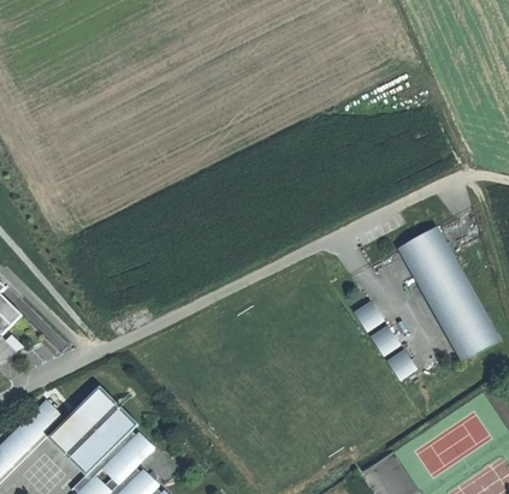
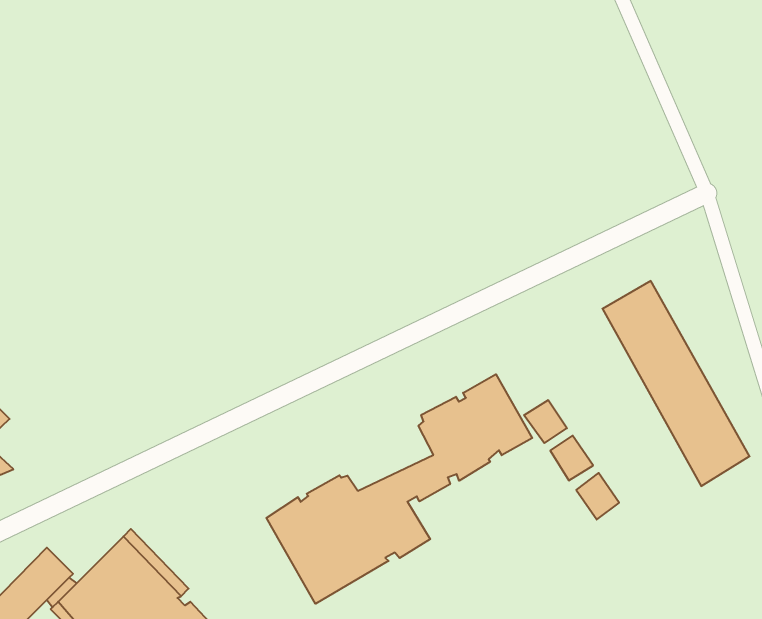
building: none -> [266,374,532,604]

